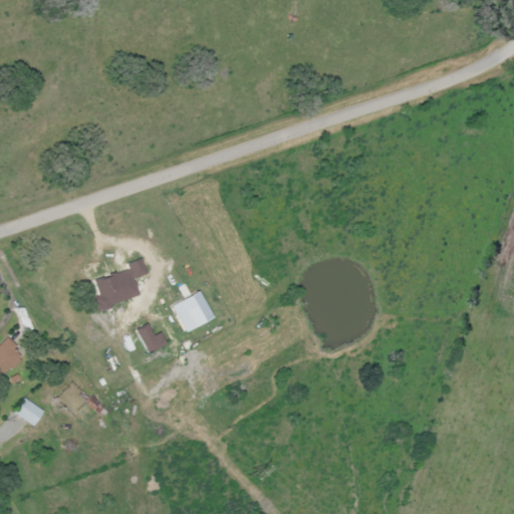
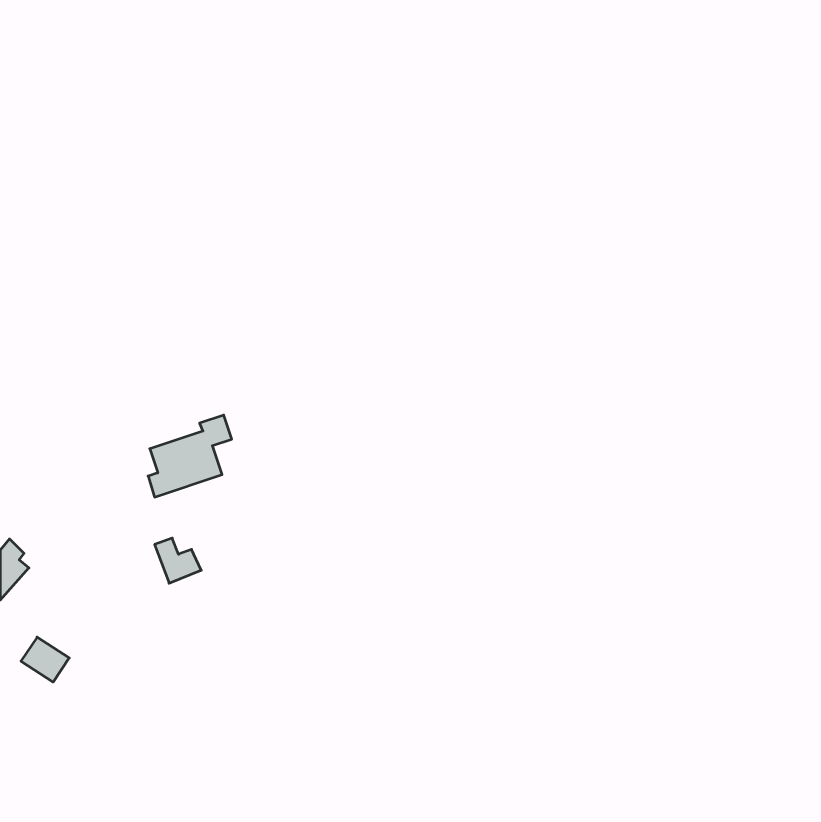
building: [171,290,214,332] -> none
building: [139,325,168,353] -> [155,538,201,583]

